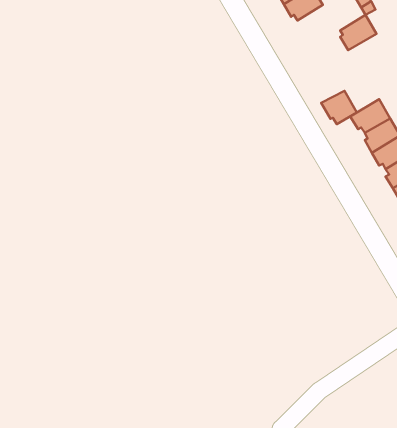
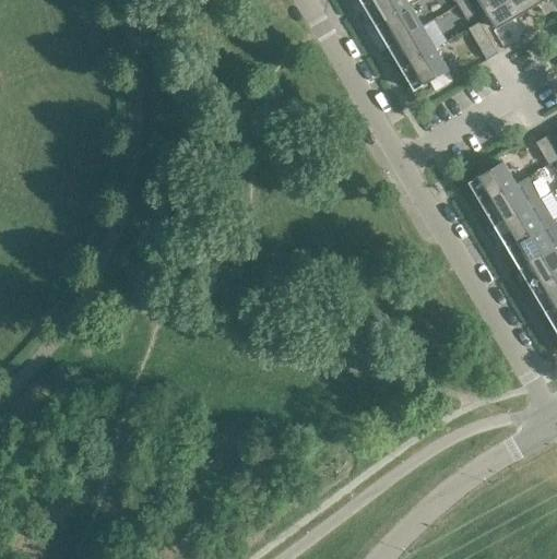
building: [340,15,376,50] -> [405,48,449,91]
building: [321,91,357,124] -> none

